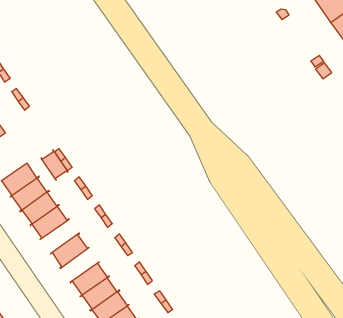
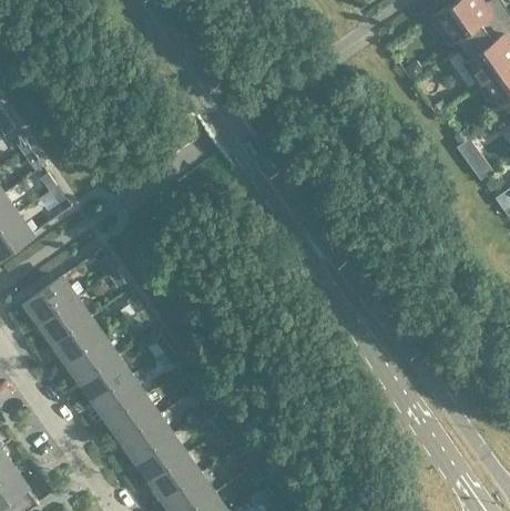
building: [41,150,68,180] -> none
building: none -> [79,356,133,403]
building: none -> [106,395,161,442]

